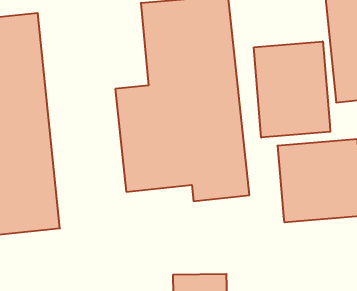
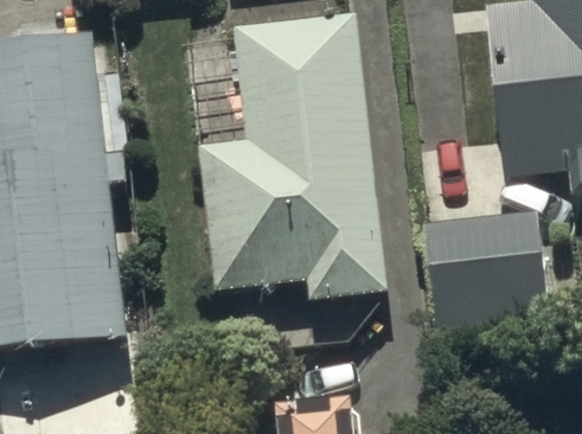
building: [254,41,330,138] -> none

